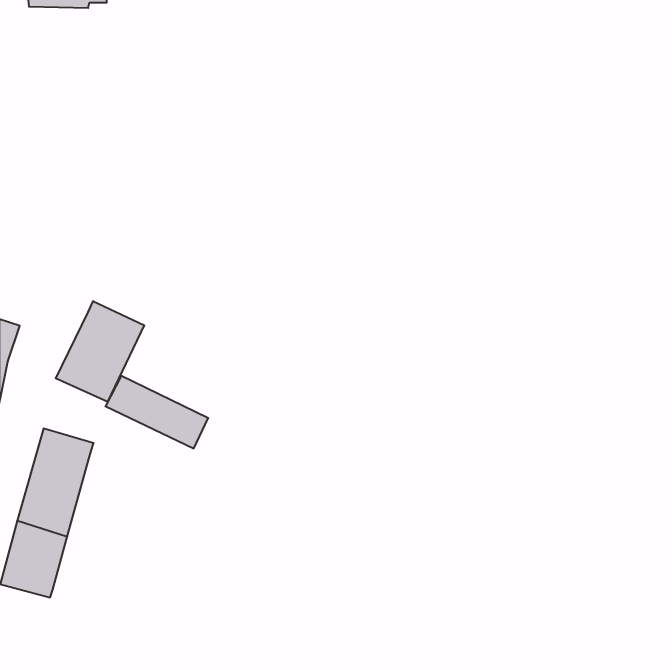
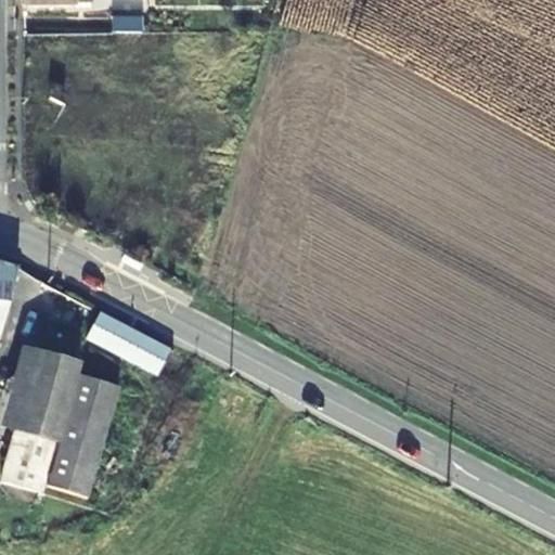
building: [56,301,144,402] -> none
building: none -> [43,375,115,493]

